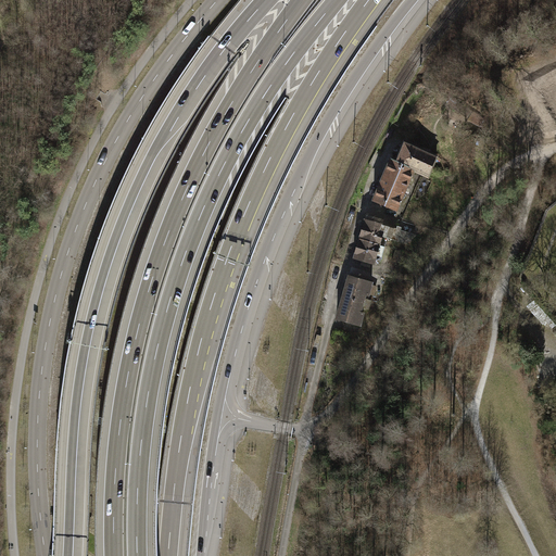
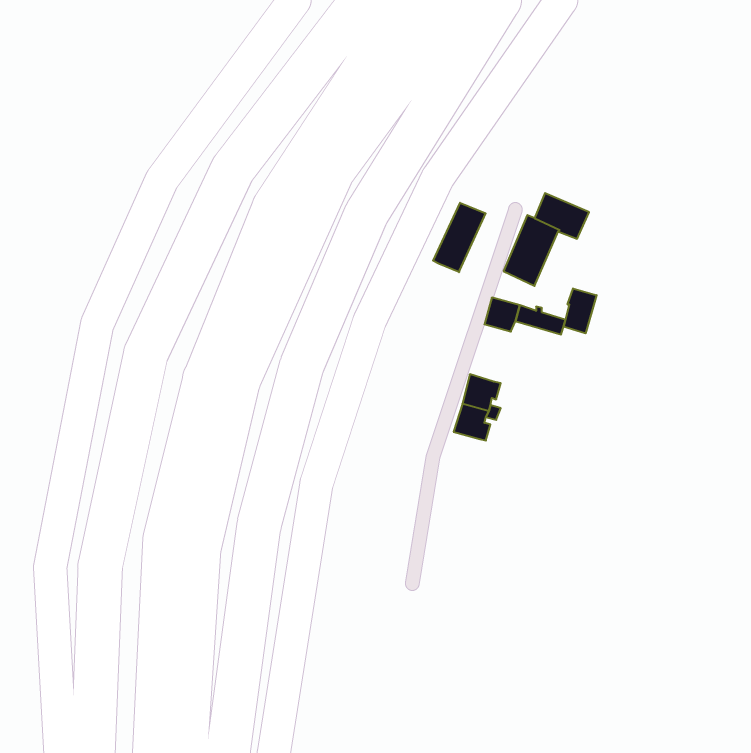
building: none -> [433,203,486,272]
building: none -> [564,288,597,333]
building: [353,239,378,264] -> none

